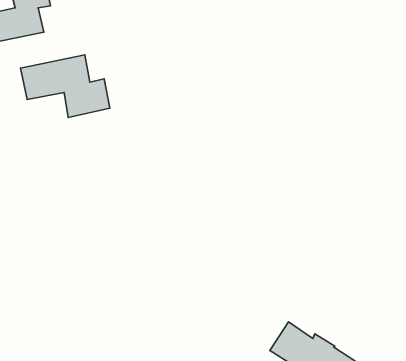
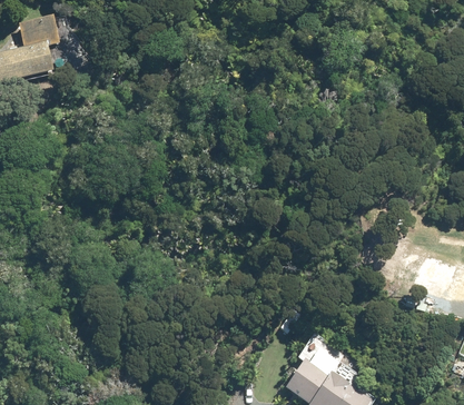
building: [20,55,110,117] -> none

